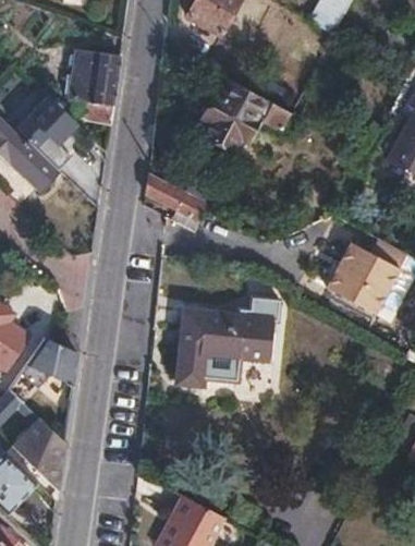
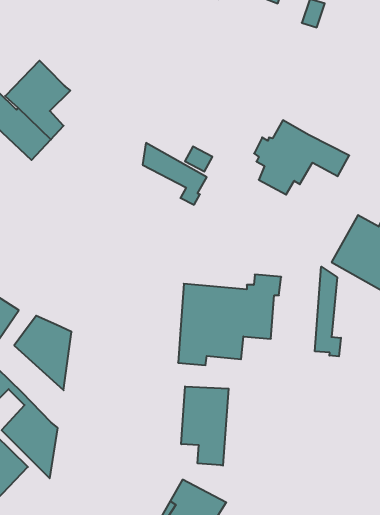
building: [78,52,121,124] -> none
building: [202,80,292,150] -> [254,120,349,195]
building: none -> [315,267,341,356]
building: none -> [181,386,229,466]

